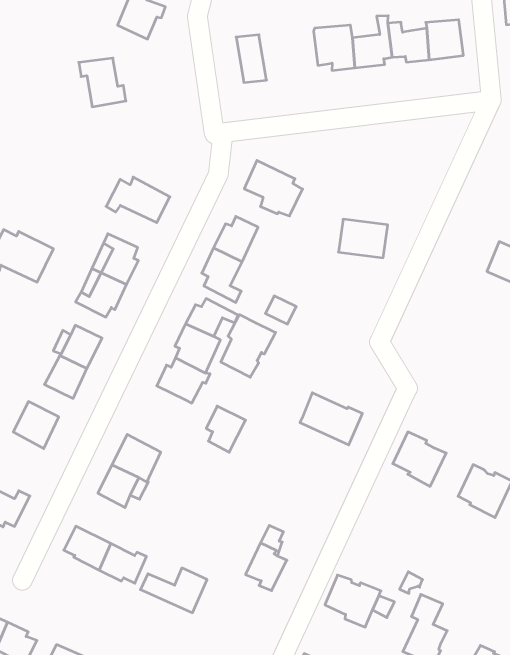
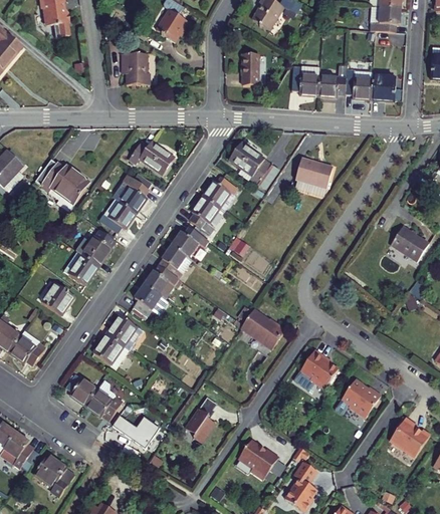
building: [338,219,388,258] -> [289,161,326,192]
building: [221,315,276,377] -> none
building: [206,406,246,452] -> [136,286,164,319]

